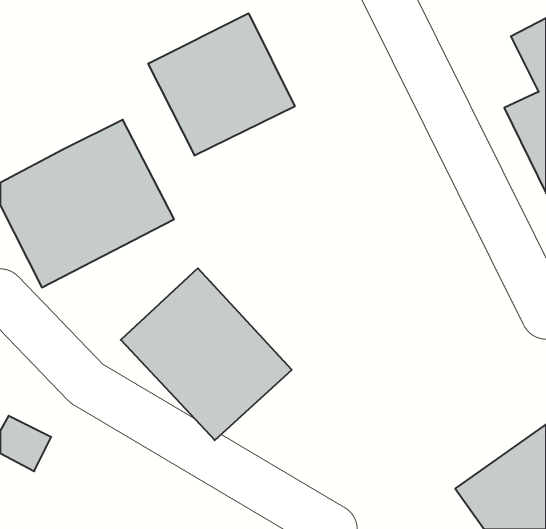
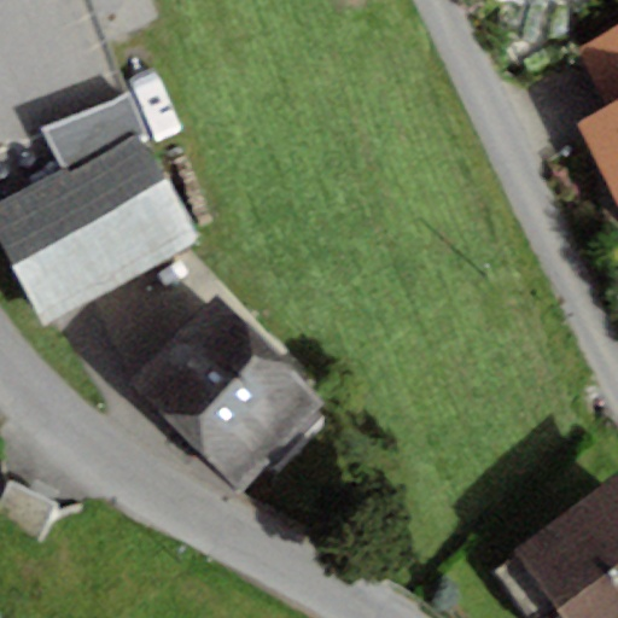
building: [148,13,295,156] -> none
building: none -> [41,87,150,169]

